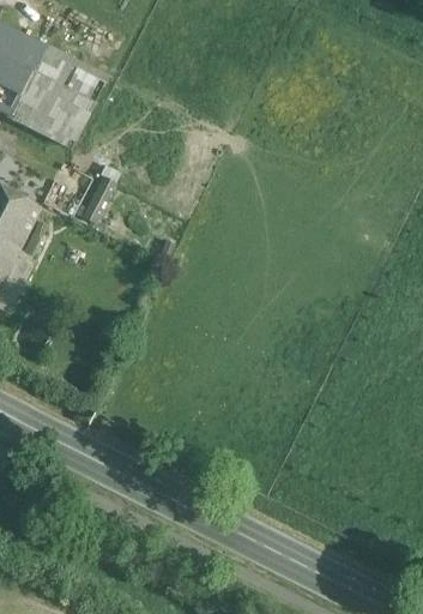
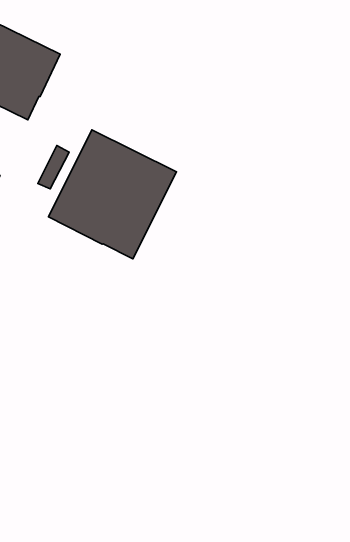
building: none -> [48,130,176,259]

